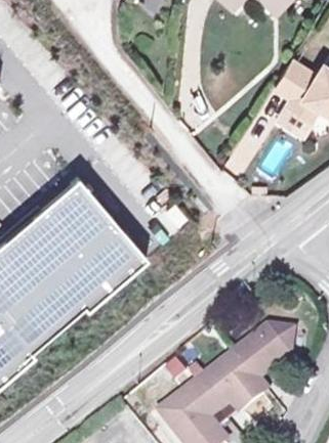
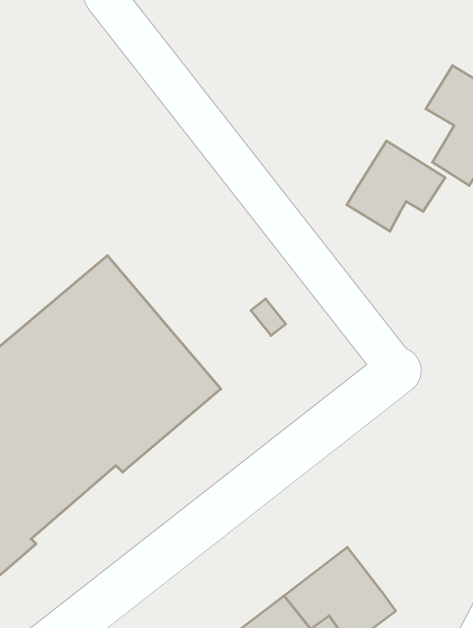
building: none -> [347,141,445,231]
building: [229,333,286,385] -> none

